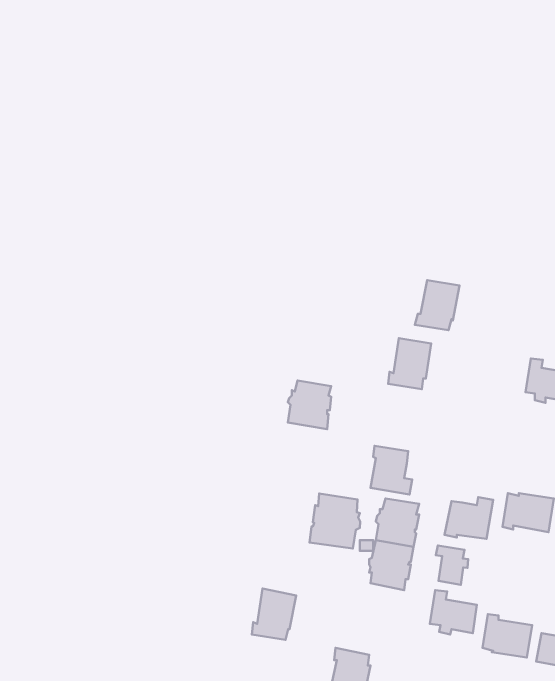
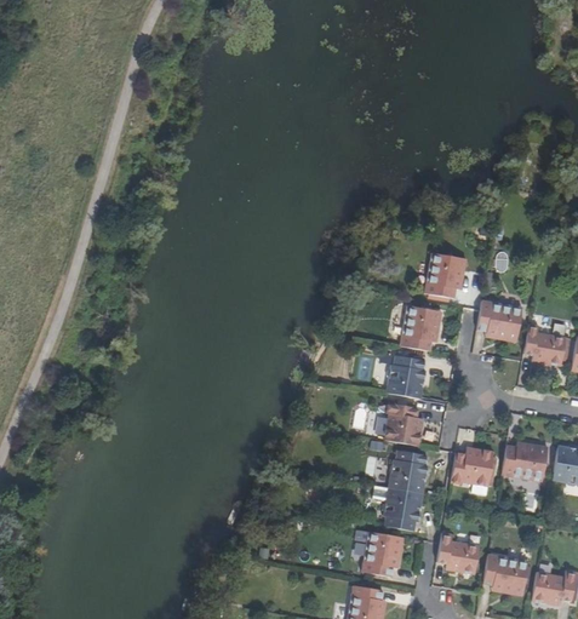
building: none -> [476,299,522,338]
building: [288,381,331,429] -> [387,355,425,399]
building: [309,493,360,549] -> none
building: [436,546,468,585] -> none
building: [252,589,296,640] -> [361,531,401,577]

